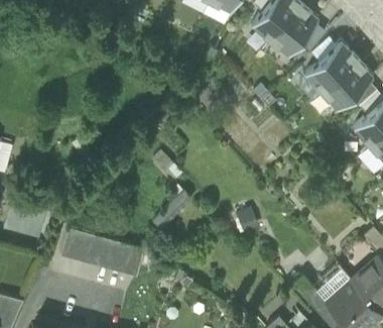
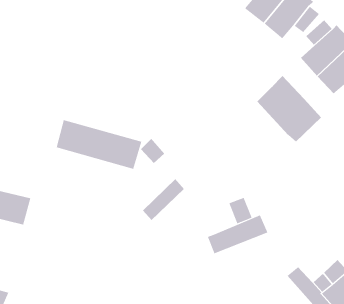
building: none -> [257,75,322,142]
building: none -> [207,215,268,254]
building: [60,230,144,279] -> [56,120,142,169]

